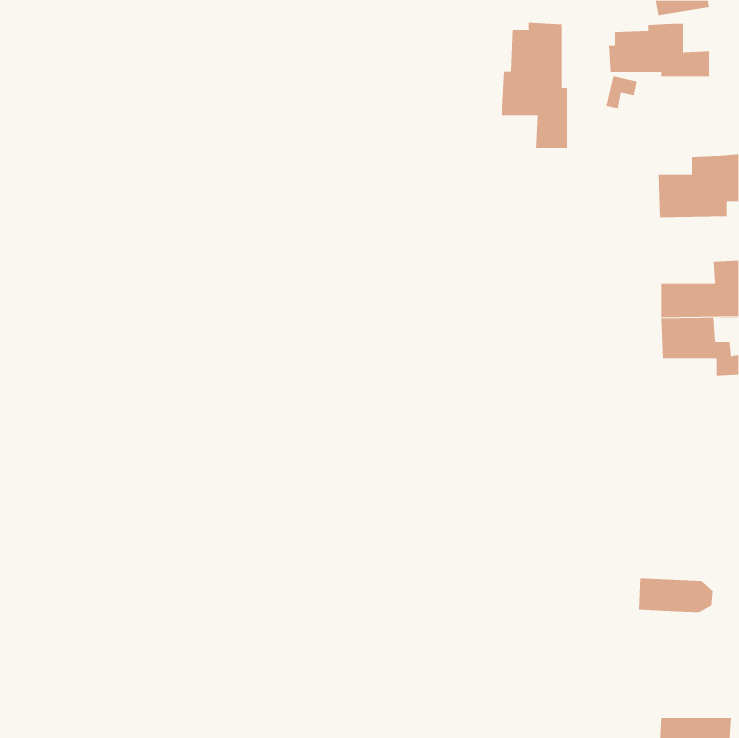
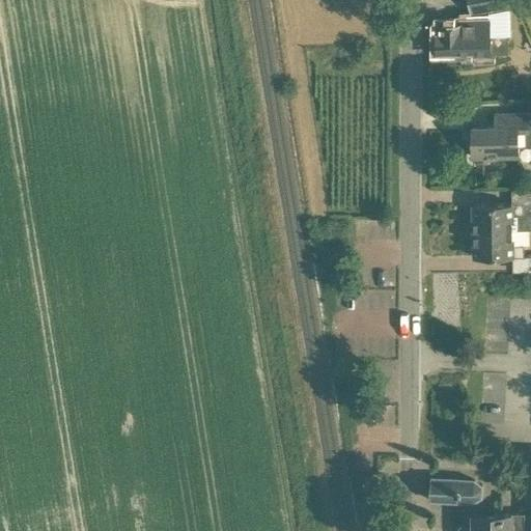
building: [502,22,568,149] -> none
building: [638,578,714,613] -> [427,479,481,504]

